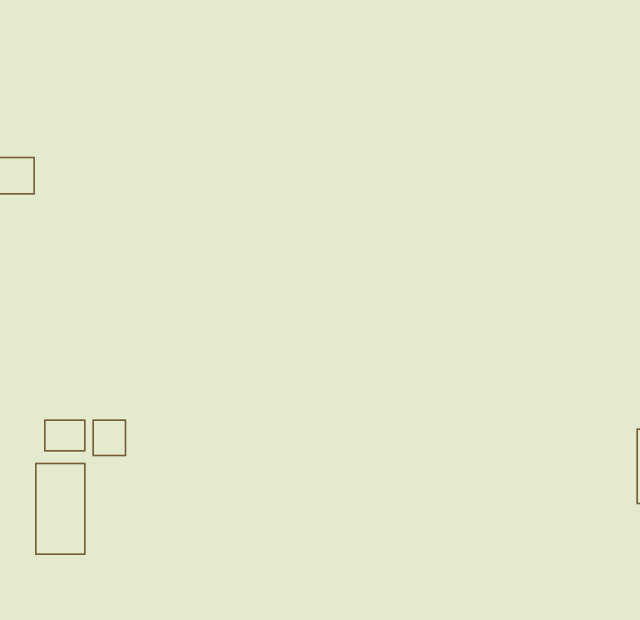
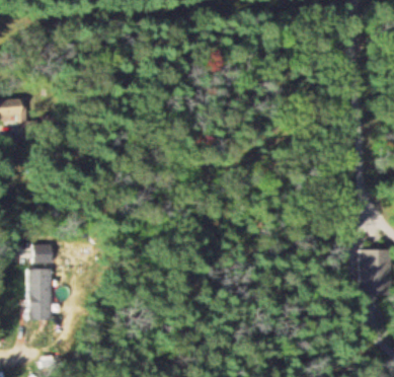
building: [93,420,126,455] -> none

